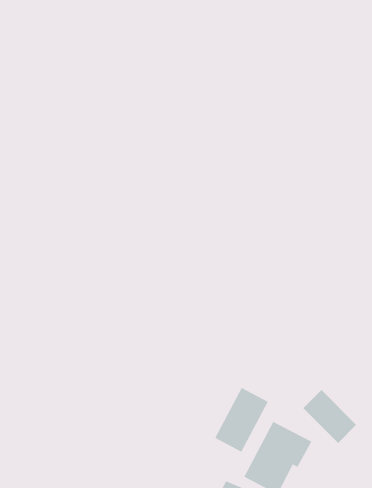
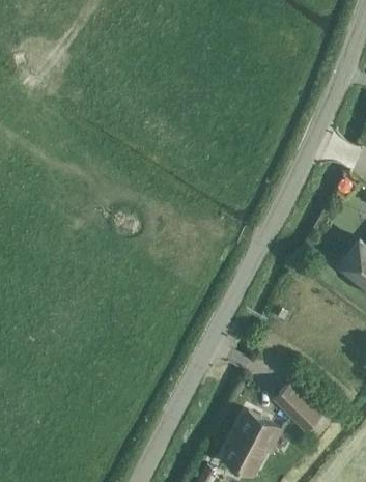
building: [214,387,269,453] -> none

